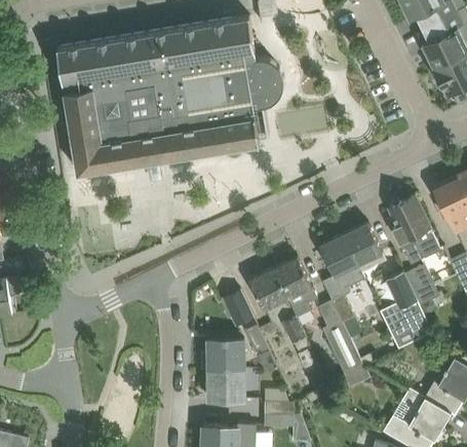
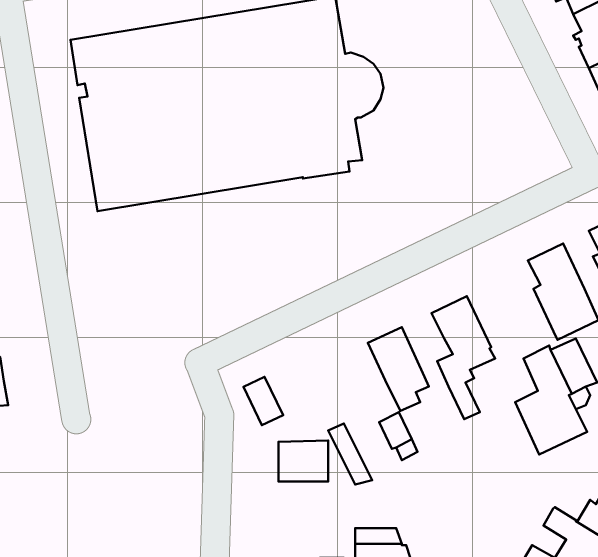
building: [344,223,384,271] -> none
building: [248,268,286,310] -> none
building: [224,290,252,325] -> [243,377,283,425]
building: [316,300,362,376] -> none
building: [207,369,244,400] -> none

